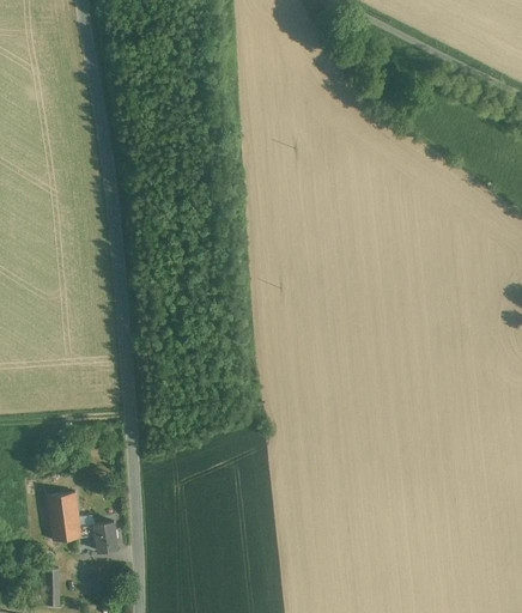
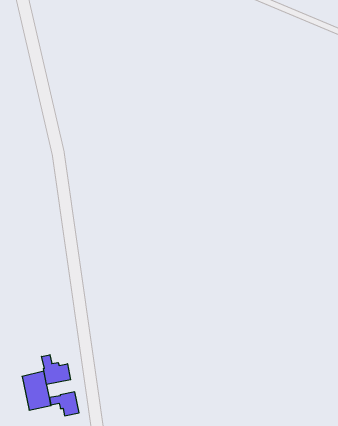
building: none -> [42,355,71,384]

